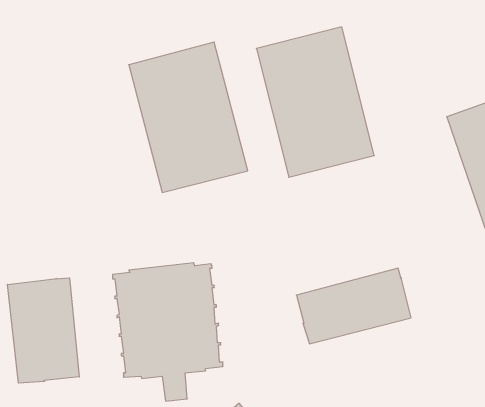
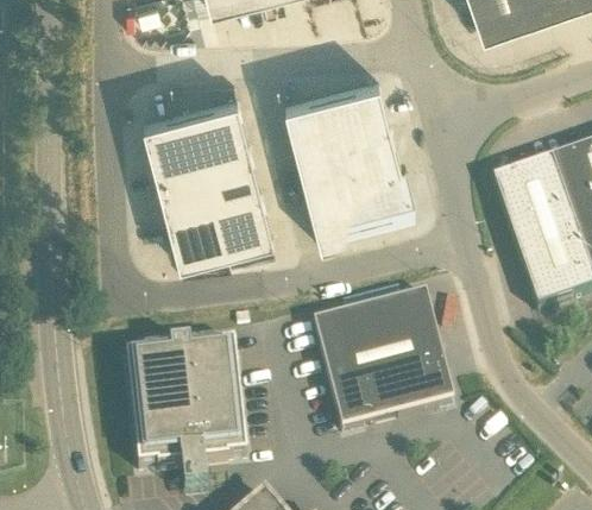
building: none -> [313,294,439,377]
building: [7,278,79,383] -> none

